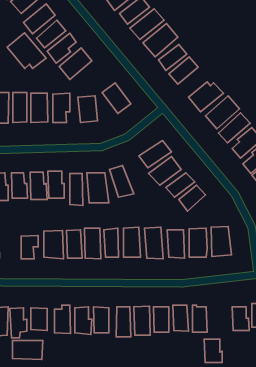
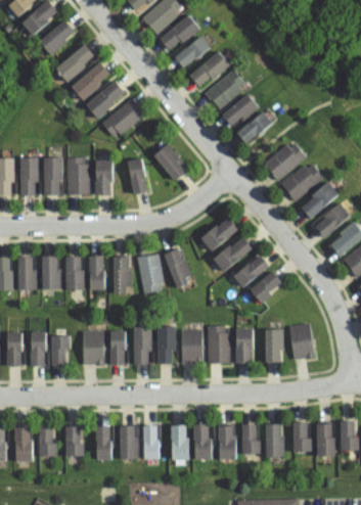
building: [7,33,46,69] -> none
building: none -> [31,331,49,365]
building: [204,339,222,363] -> [292,422,315,452]
building: [12,341,43,360] -> none

